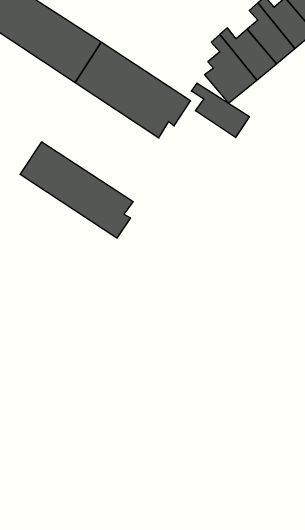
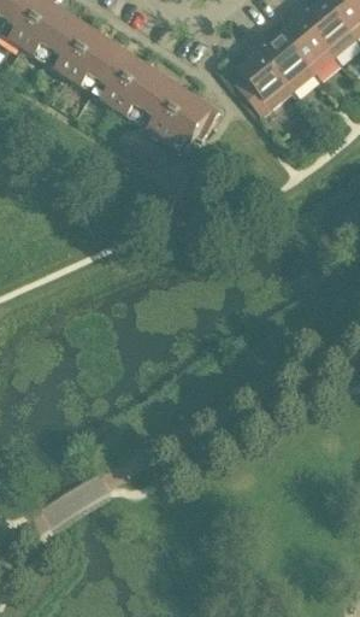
building: [191,83,249,138] -> none
building: [20,142,133,238] -> none

